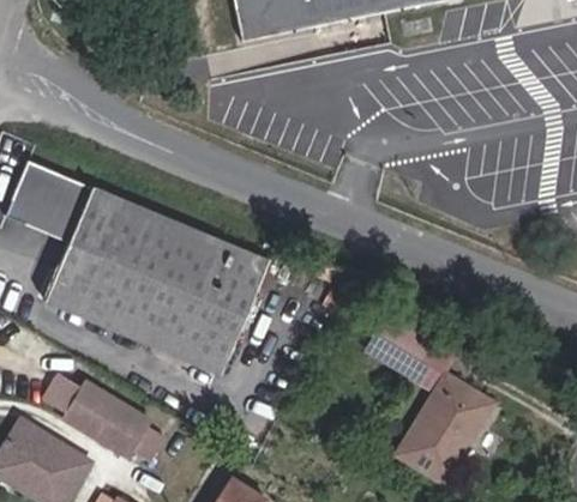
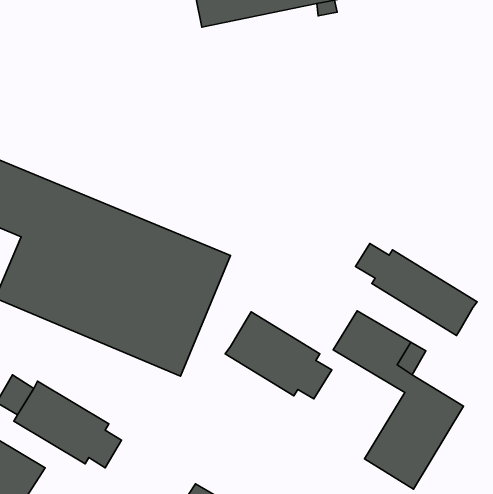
building: none -> [355,243,477,335]
building: none -> [225,312,332,399]

